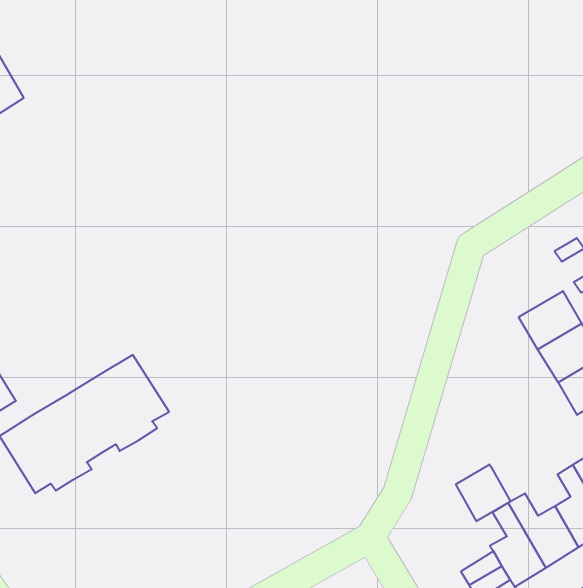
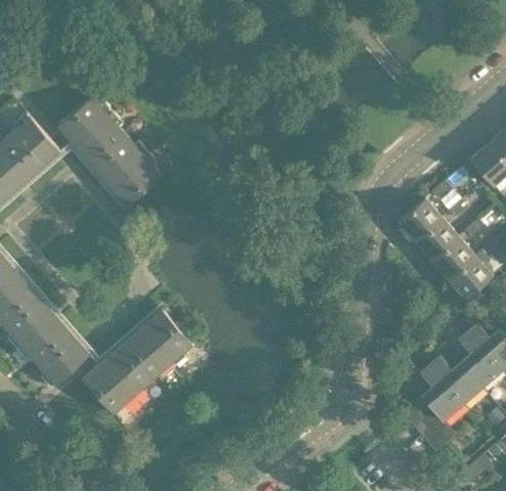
building: none -> [56,96,161,206]
building: none -> [397,198,441,240]
building: [456,464,510,521] -> none

